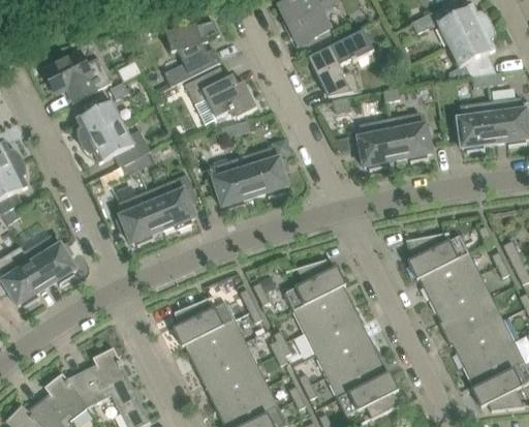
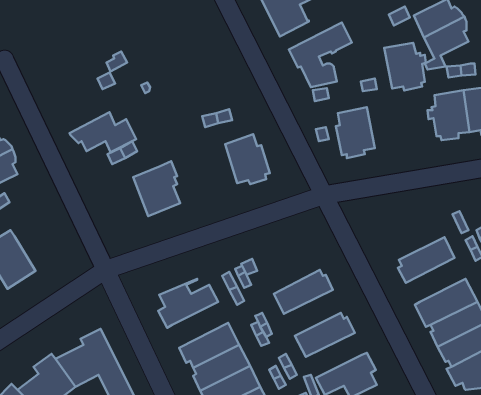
building: [163,20,219,87] -> none
building: [42,51,111,101] -> none
building: [185,67,256,118] -> none
building: [75,101,122,145] -> none
building: [388,113,432,162] -> [384,43,426,91]
building: [208,156,254,210] -> none
building: [114,190,162,244] -> none
building: [405,232,469,279] -> none
building: [24,235,76,287] -> none
building: [283,260,345,311] -> none
building: [429,274,491,319] -> none
building: [303,307,362,355] -> none
building: [186,319,245,367] -> none
building: [325,352,384,398] -> none

